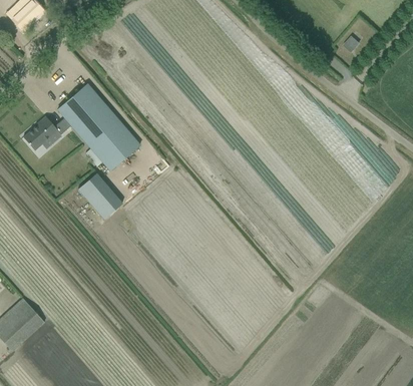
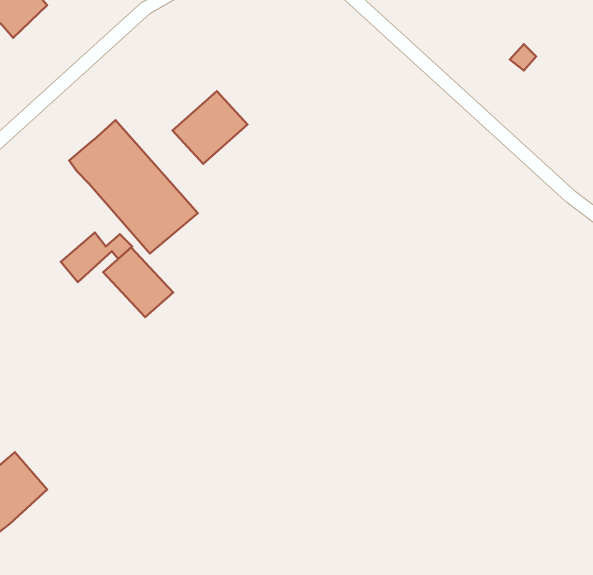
building: none -> [173,91,248,164]
building: [23,116,69,148] -> [61,233,132,282]

